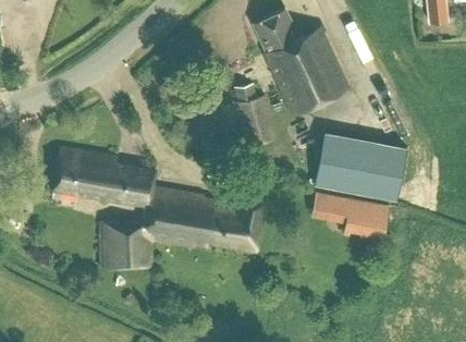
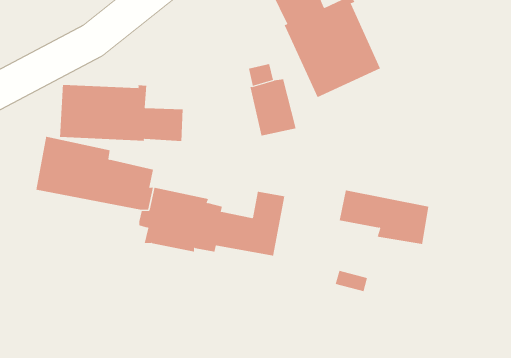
building: none -> [60,84,183,142]
building: [317,136,405,201] -> none
building: [98,219,152,270] -> none

